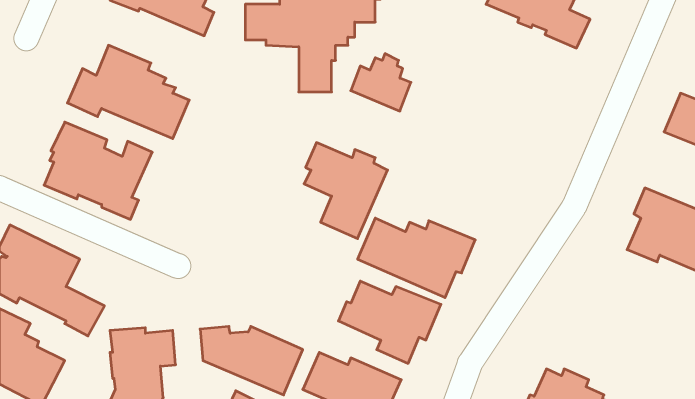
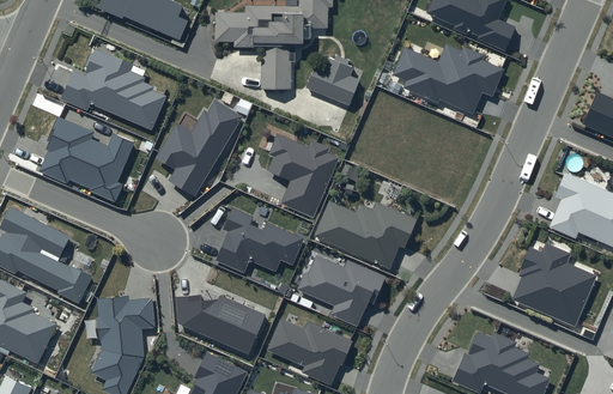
building: none -> [393,44,504,114]
building: none -> [154,99,244,196]
building: none -> [216,207,304,273]
building: none -> [512,243,596,327]

